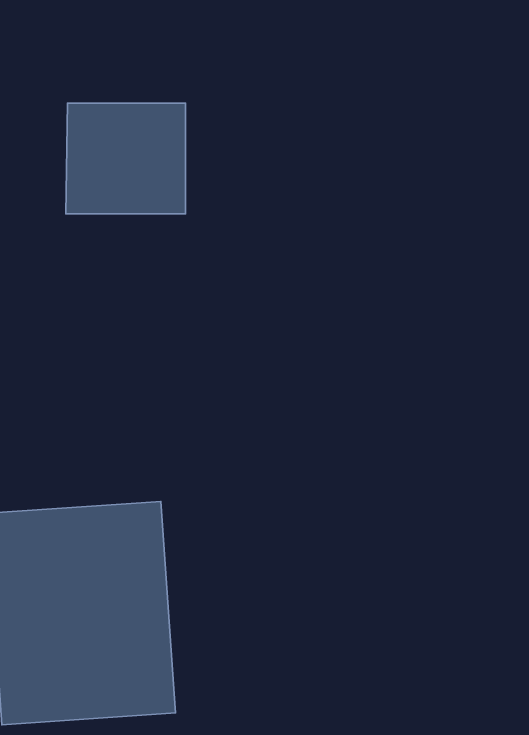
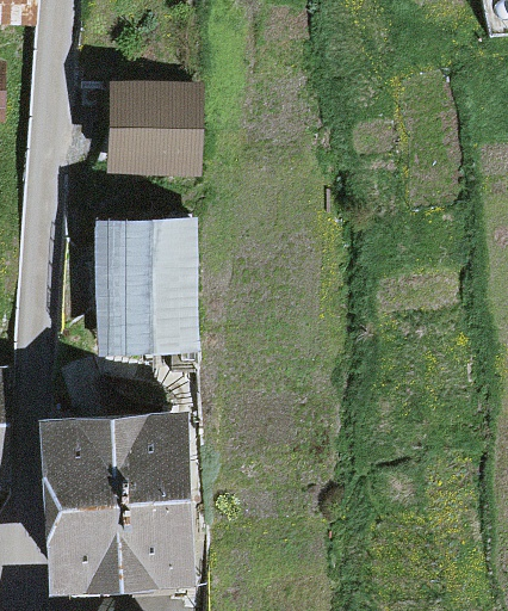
building: none -> [91,218,205,354]

